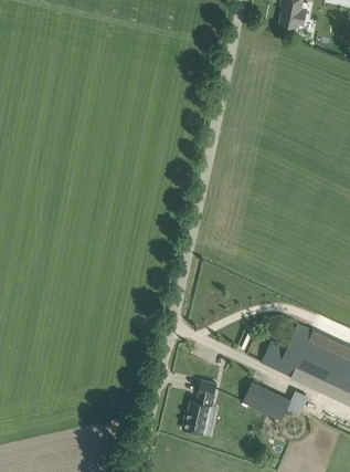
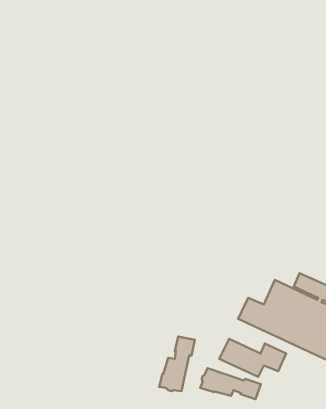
building: none -> [200,368,261,399]

